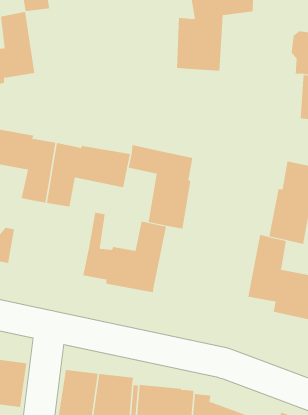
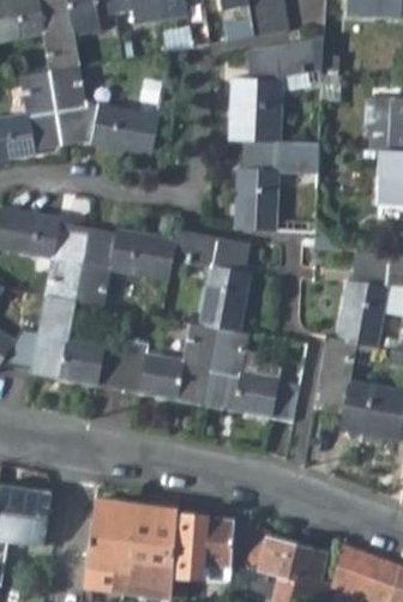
building: none -> [50,68,160,159]
building: none -> [234,140,319,234]
building: none -> [30,294,125,386]
building: none -> [203,327,300,425]

